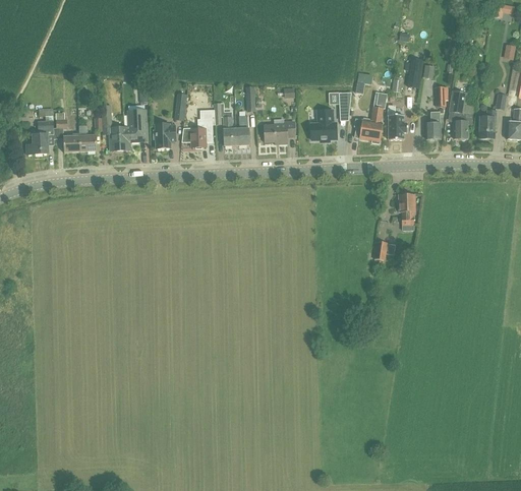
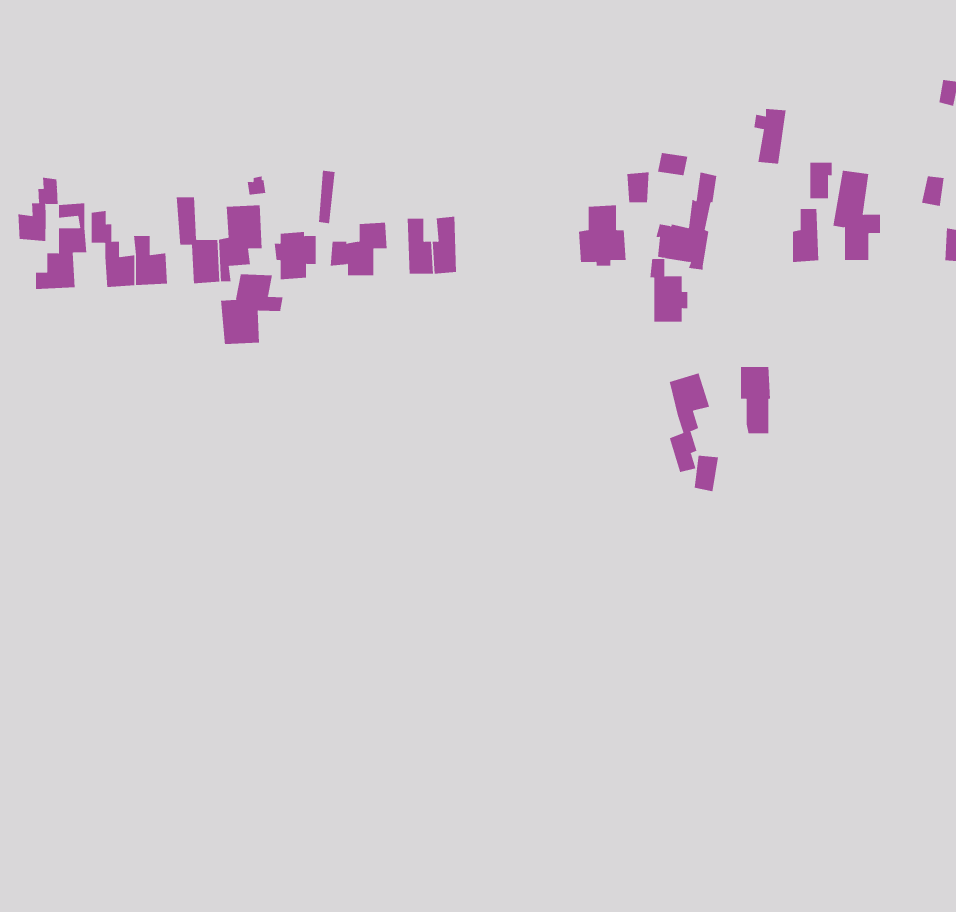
building: none -> [18,177,58,242]
building: [387,106,407,139] -> [650,259,688,322]
building: [479,110,496,138] -> none
building: [259,117,295,143] -> none
building: none -> [221,273,283,345]
building: none -> [669,372,710,473]

